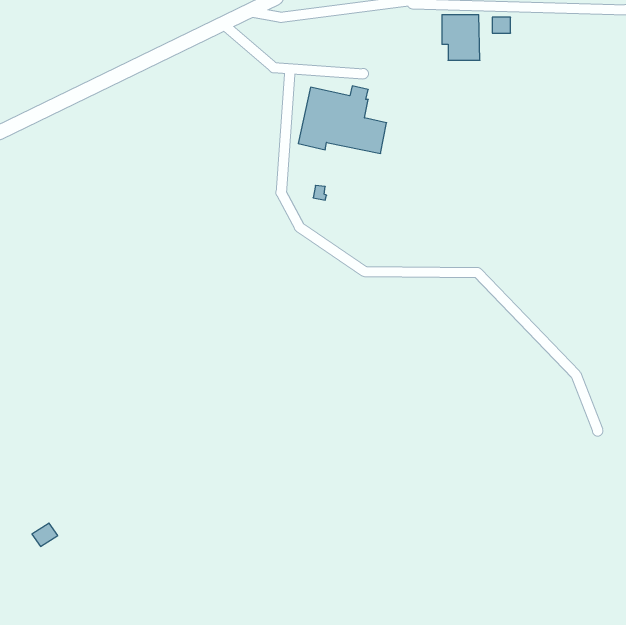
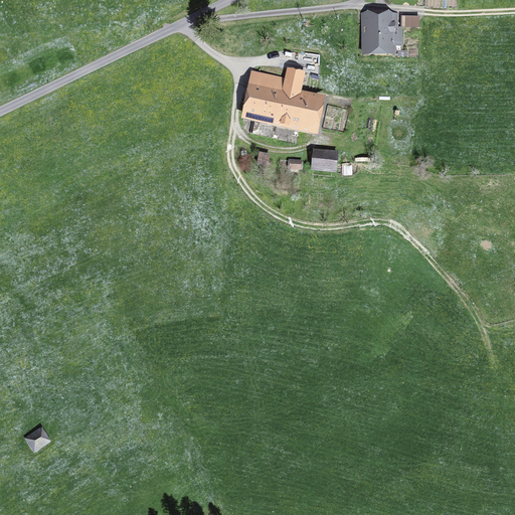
building: none -> [313,149,337,169]

